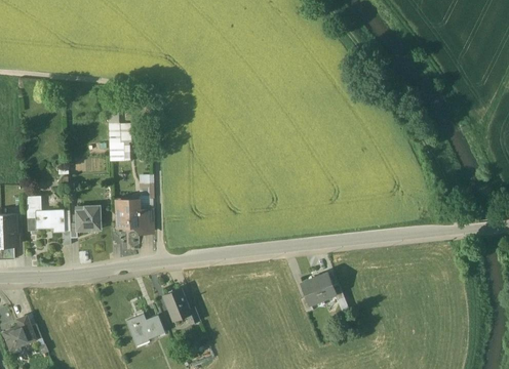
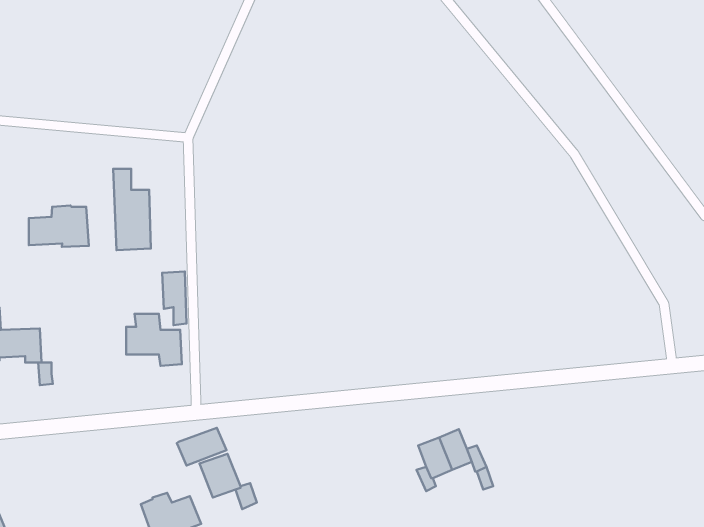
building: none -> [29,206,89,247]
building: [76,206,100,230] -> none
building: none -> [177,428,226,465]

